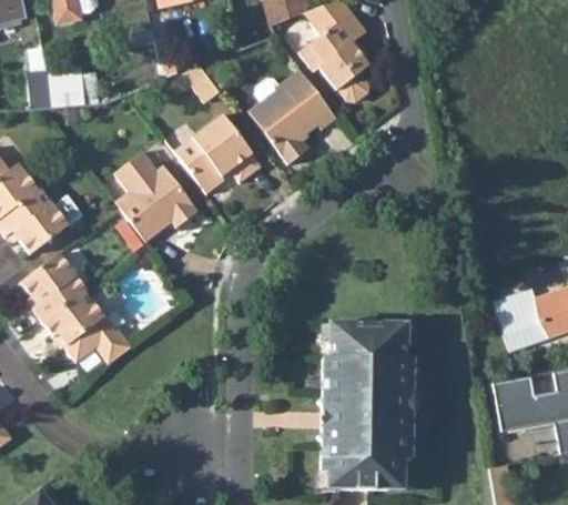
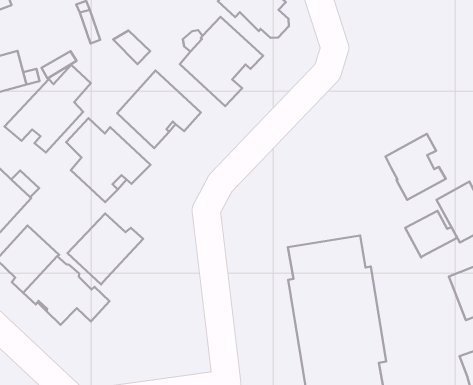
building: none -> [5,65,91,153]
building: none -> [386,134,446,200]
building: none -> [68,213,143,285]
building: none -> [405,211,457,257]

